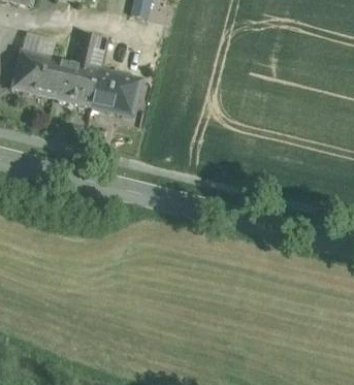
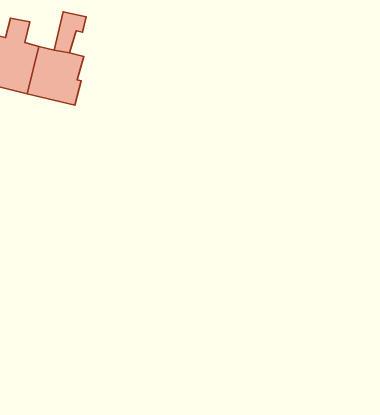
building: [92,68,142,117] -> none

